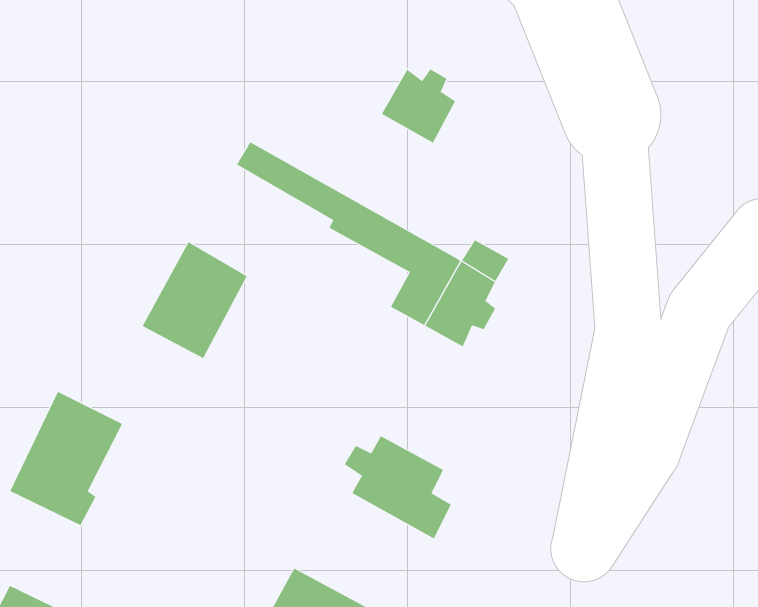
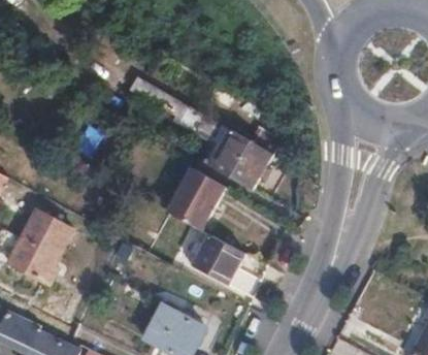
building: [381,69,456,143] -> none
building: [142,242,248,359] -> [167,167,224,230]

